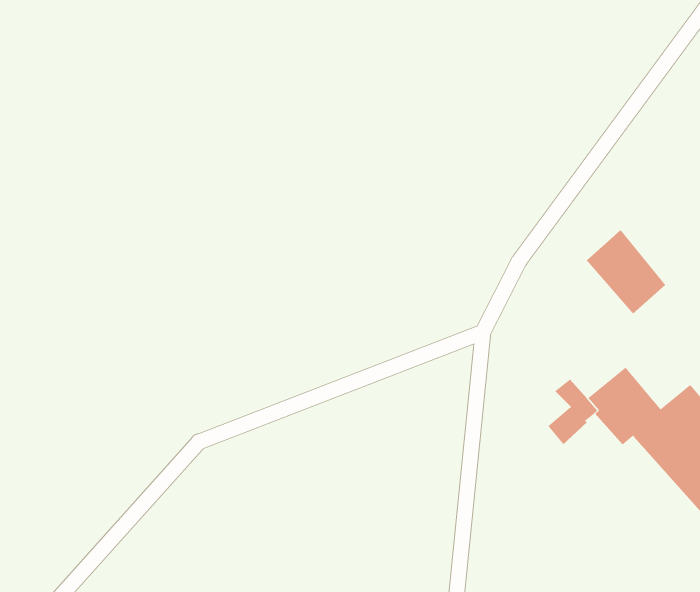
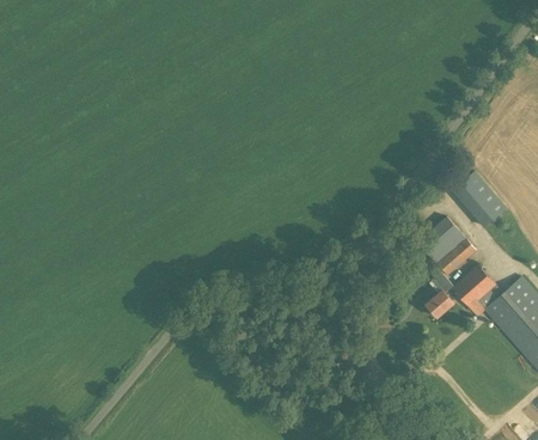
building: none -> [416,214,476,274]

